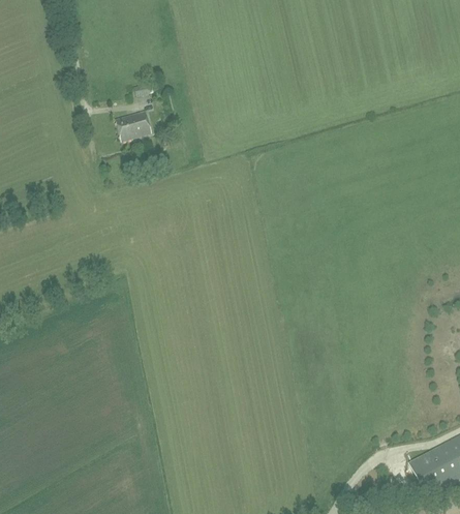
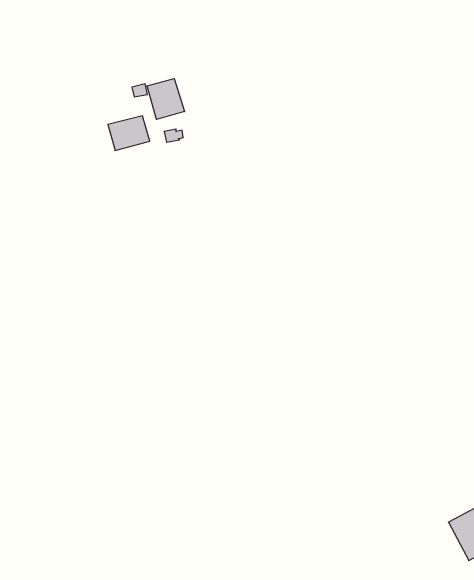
building: none -> [147,79,185,119]

